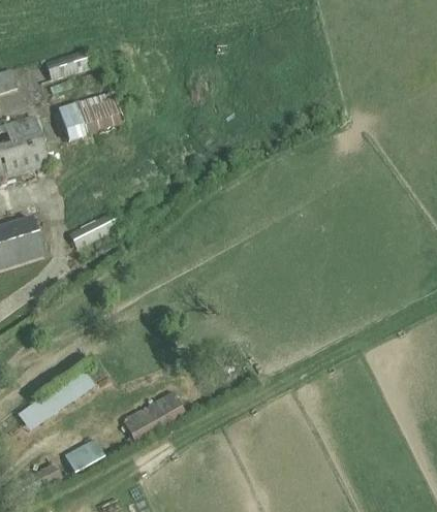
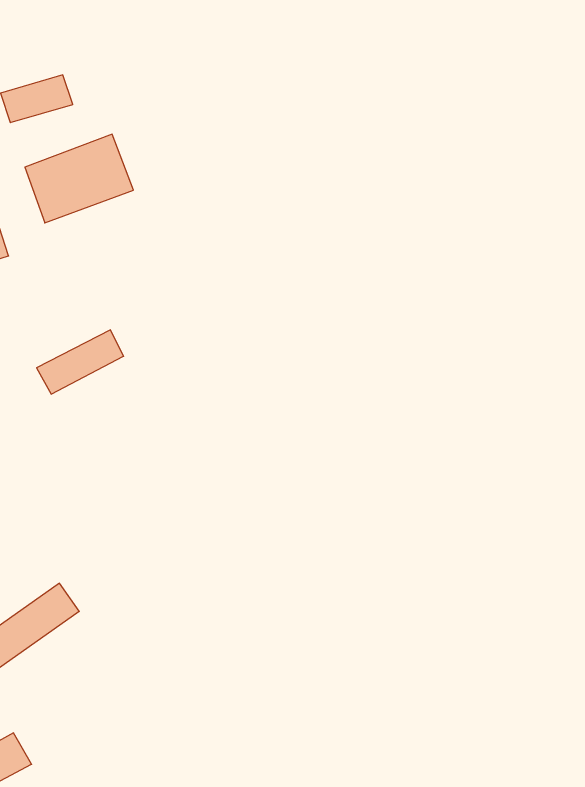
building: [123,391,185,442] -> none
building: [64,438,103,473] -> none

